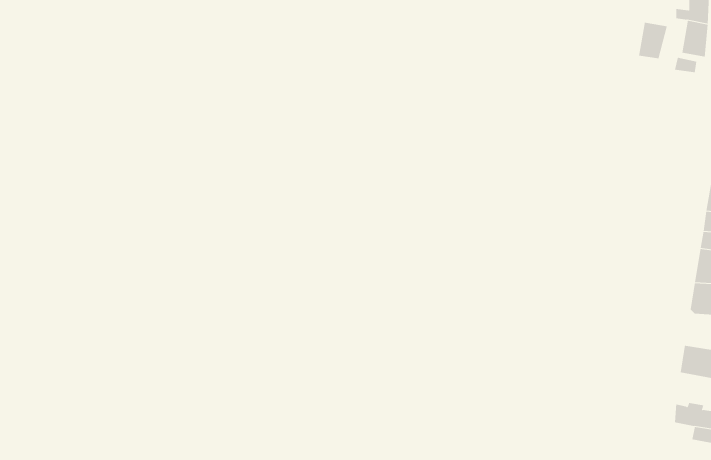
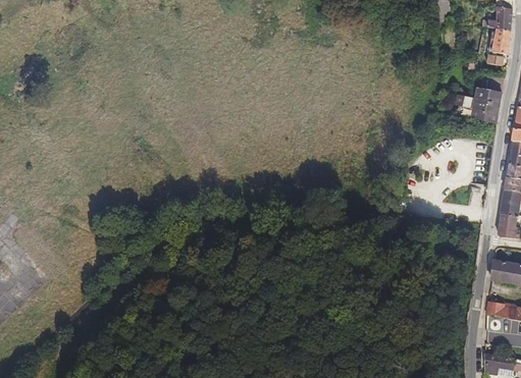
building: [638,22,667,59] -> none
building: none -> [471,88,503,122]

